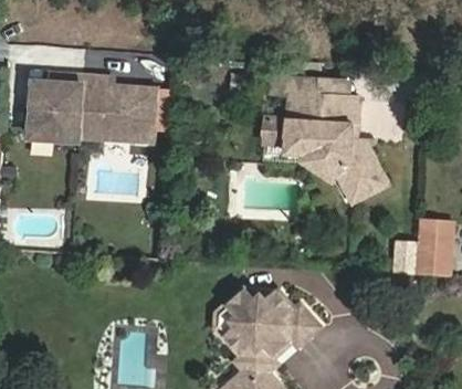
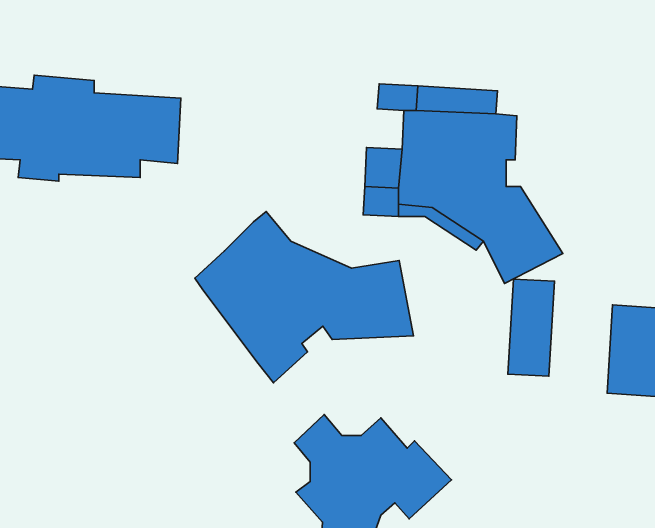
building: none -> [195,211,414,383]
building: none -> [508,279,555,376]

